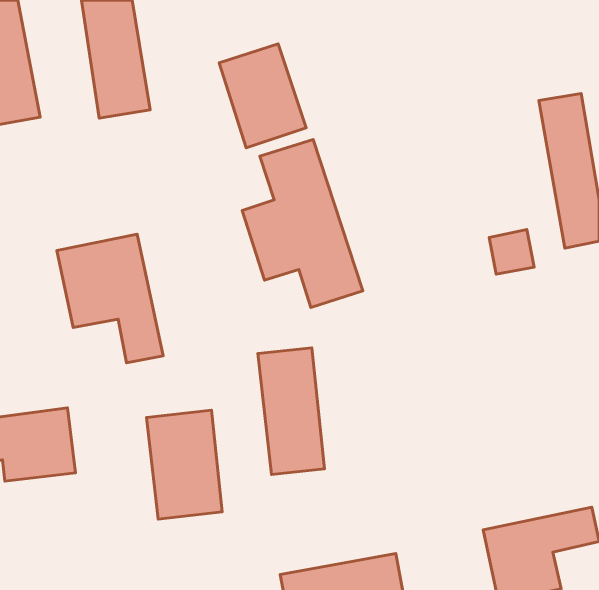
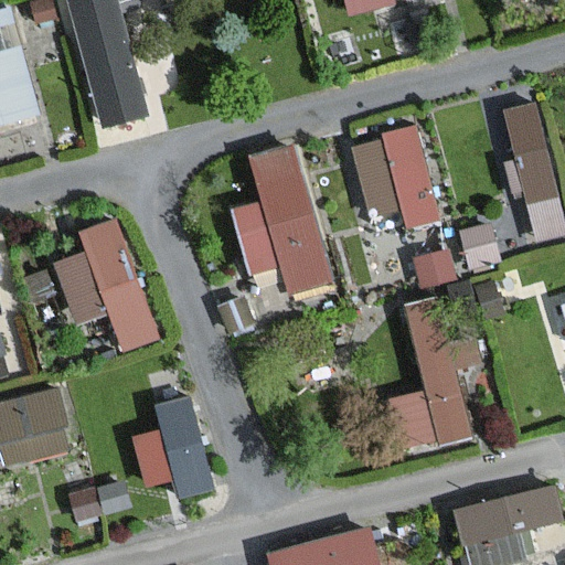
building: [219,44,306,148] -> none
building: none -> [348,127,459,288]
building: none -> [385,298,482,457]
building: [258,348,324,475] -> none

